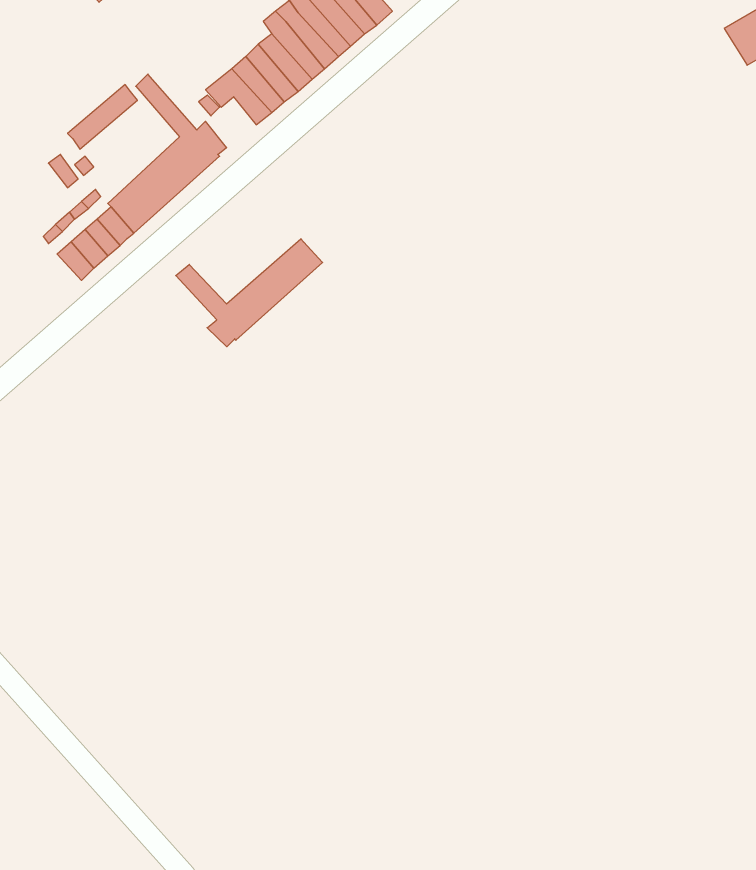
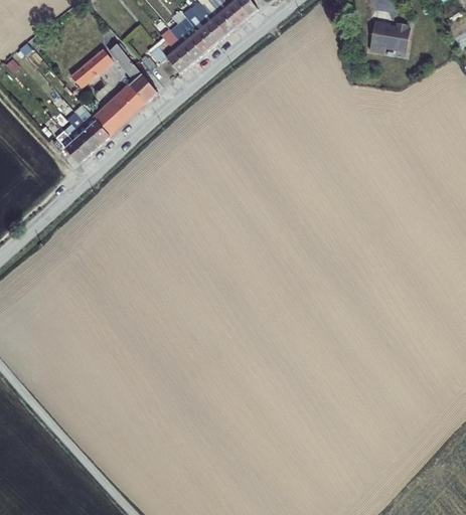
building: none -> [374,22,413,53]
building: [176,239,323,347] -> none

